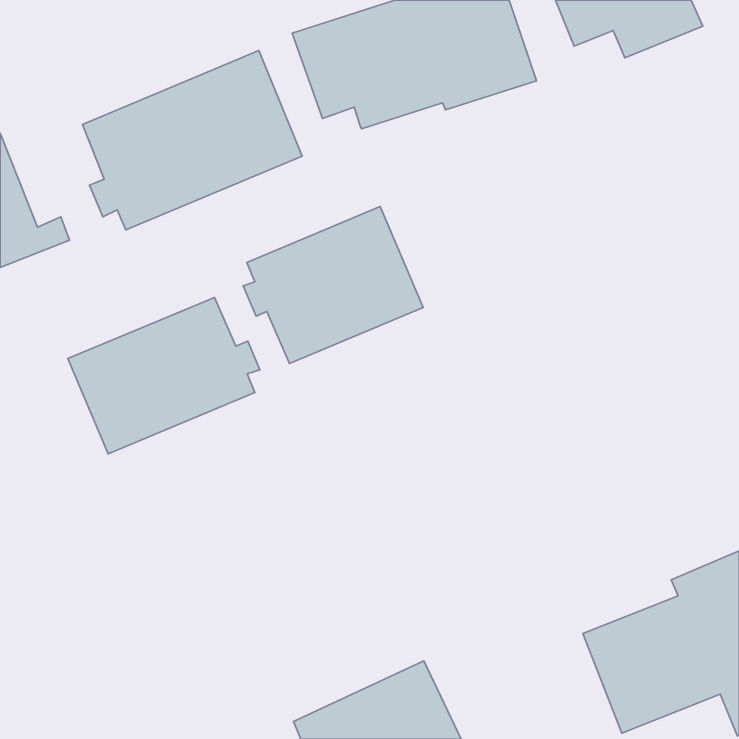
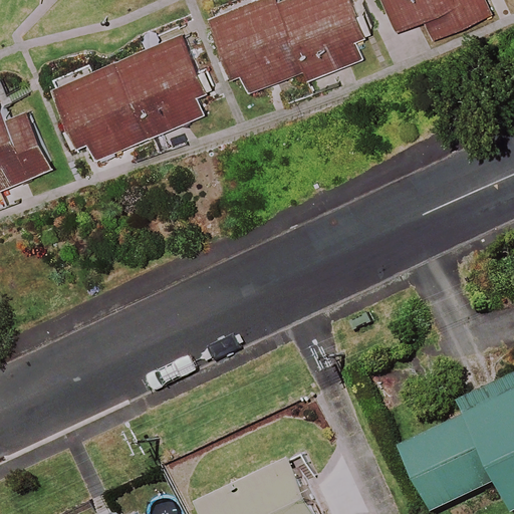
building: [243,207,423,363] -> none
building: [68,297,260,454] -> none

